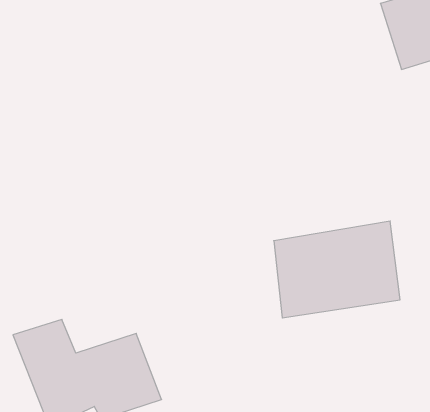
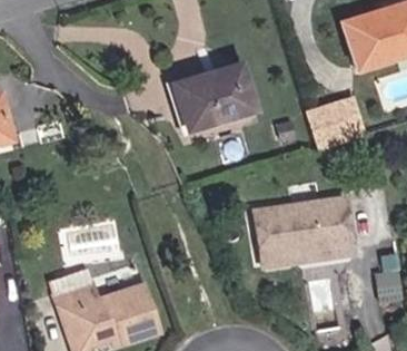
building: none -> [167,61,257,129]
building: none -> [300,95,363,147]

